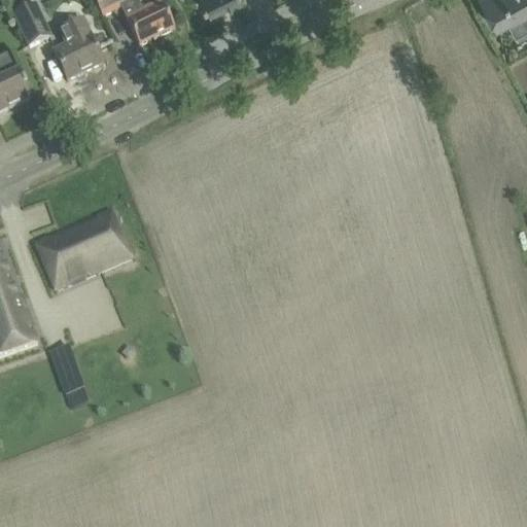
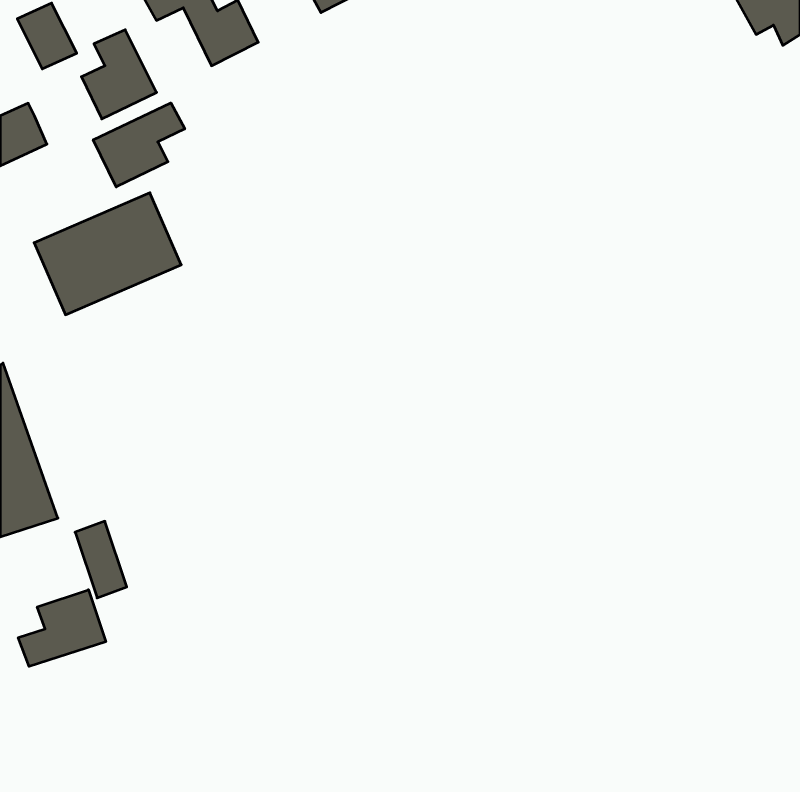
building: none -> [93,103,185,187]
building: [33,199,130,279] -> [34,193,181,315]
building: none -> [18,590,106,666]

